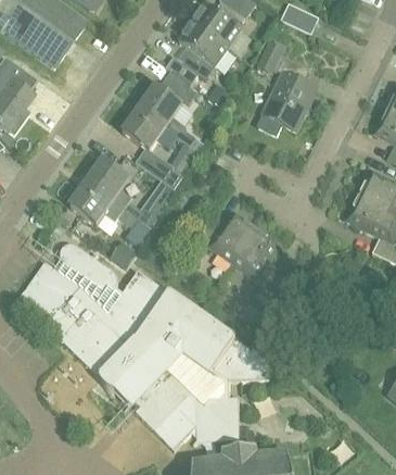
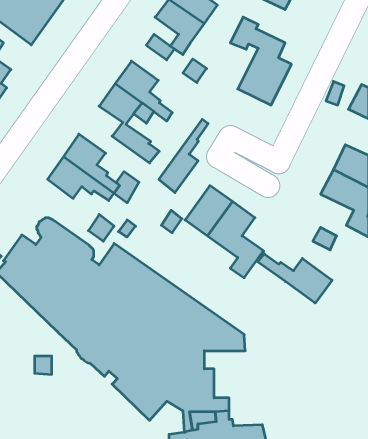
building: [161,70,197,103] -> none
building: none -> [159,119,208,193]
building: none -> [258,254,332,303]

